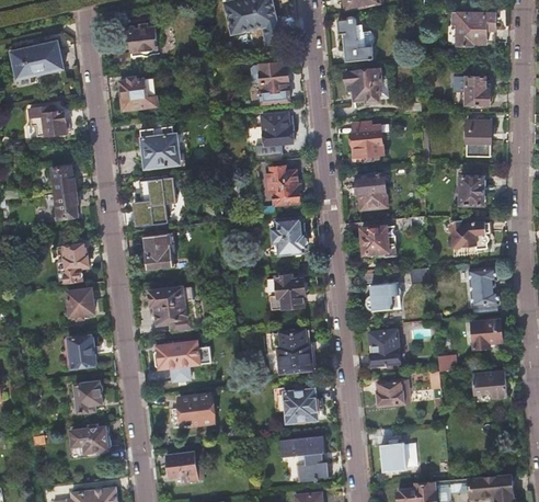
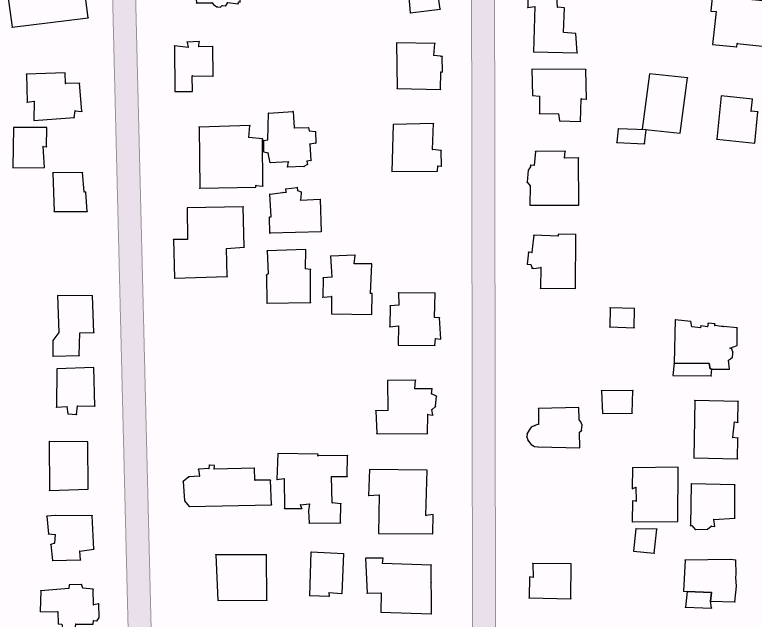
building: none -> [264,111,316,167]
building: [466,121,491,156] -> [642,74,688,133]
building: none -> [269,187,321,233]
building: [266,167,299,205] -> [323,255,372,314]
building: [461,176,483,204] -> none
building: [55,191,77,218] -> [13,128,47,168]
building: [362,227,398,256] -> none
building: [142,233,173,270] -> [266,250,311,303]
building: [149,287,194,332] -> [277,454,348,523]
building: [368,329,400,366] -> [632,467,678,522]
building: none -> [310,552,343,596]

